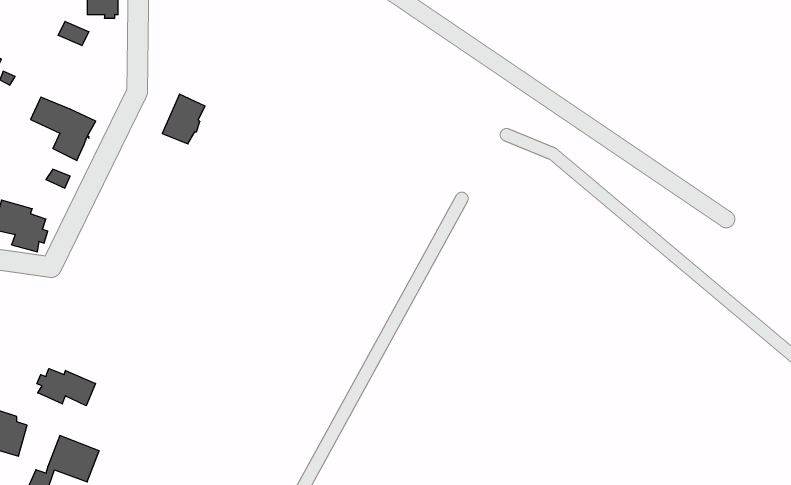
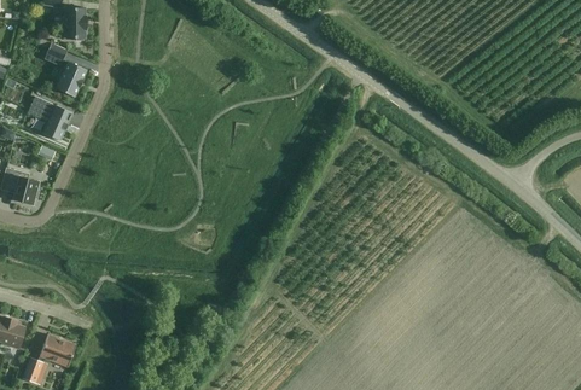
building: [162,94,205,144] -> [54,60,85,95]
building: [37,369,95,406] -> none

